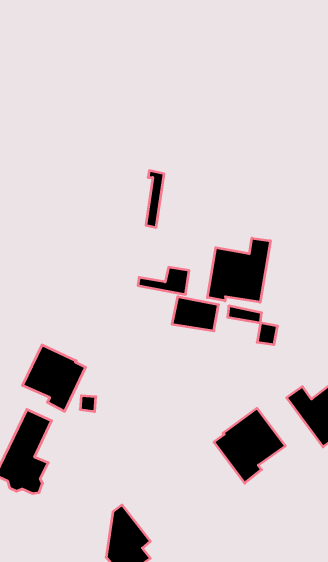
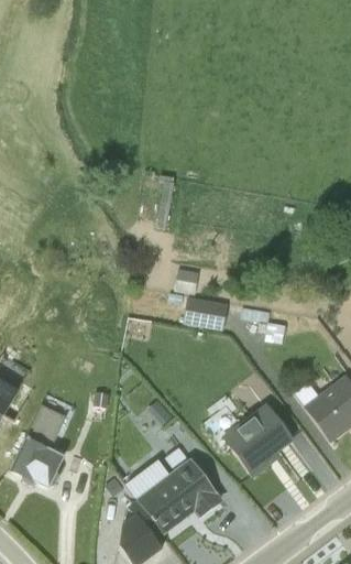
building: [207,238,270,302] -> none
building: [23,345,86,411] -> none
building: none -> [125,447,221,533]

